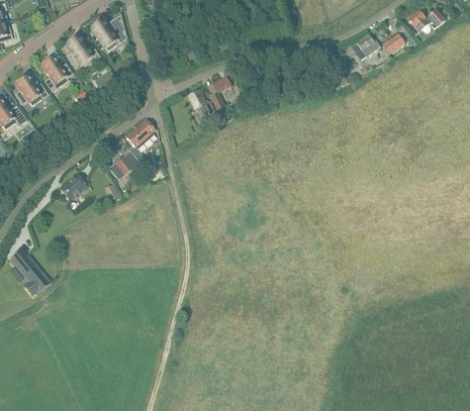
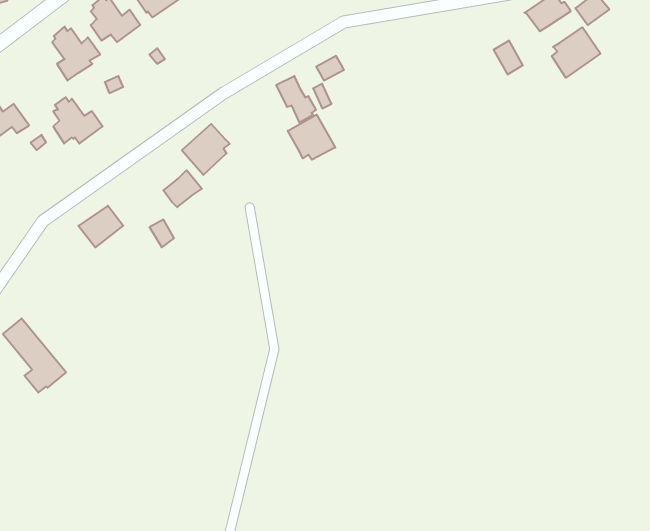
building: none -> [552,27,600,78]
building: [14,73,46,103] -> [53,97,103,144]
building: none -> [288,115,335,160]

